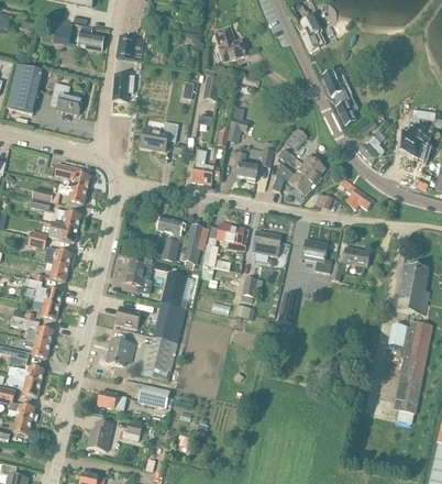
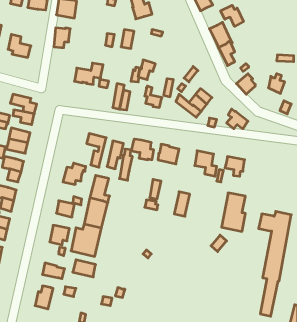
building: none -> [221,5,243,26]
building: [397,263,429,315] -> [222,193,245,231]

